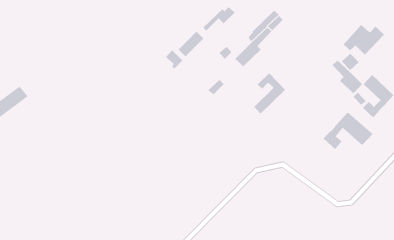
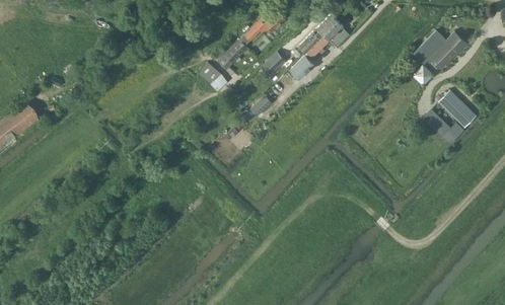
building: [332,60,363,94] -> none
building: [253,72,286,114] -> none
building: [323,112,373,150] -> none

